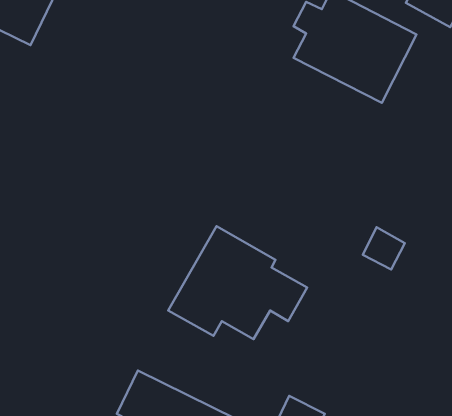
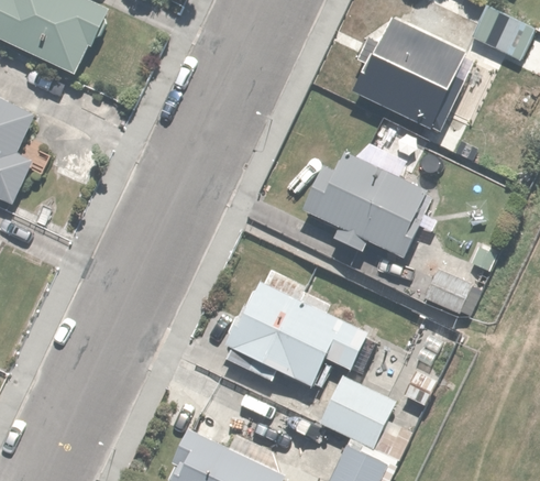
building: none -> [300,140,431,255]
building: none -> [320,374,397,445]

